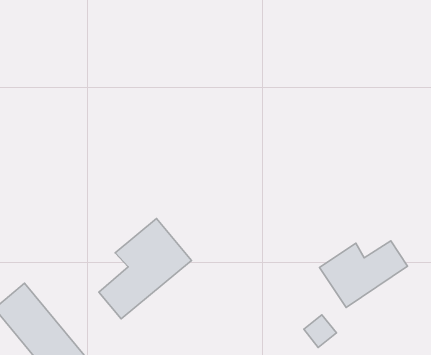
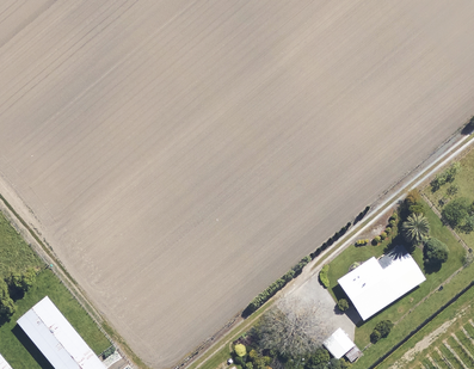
building: [99,218,191,319] -> none

